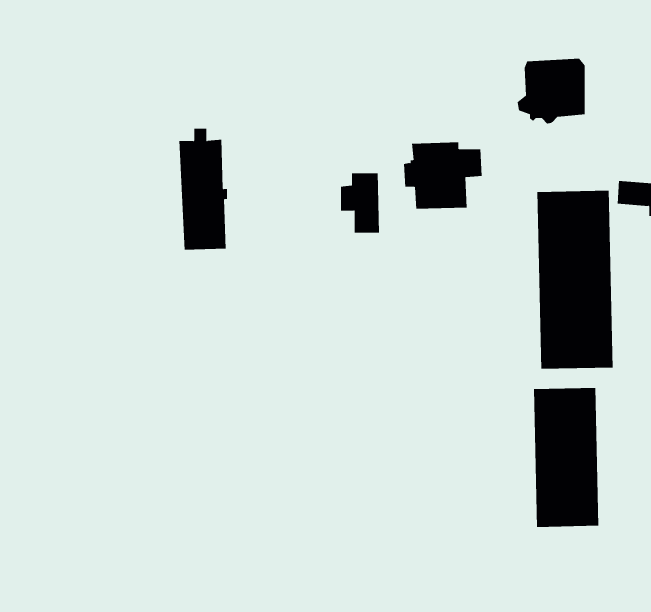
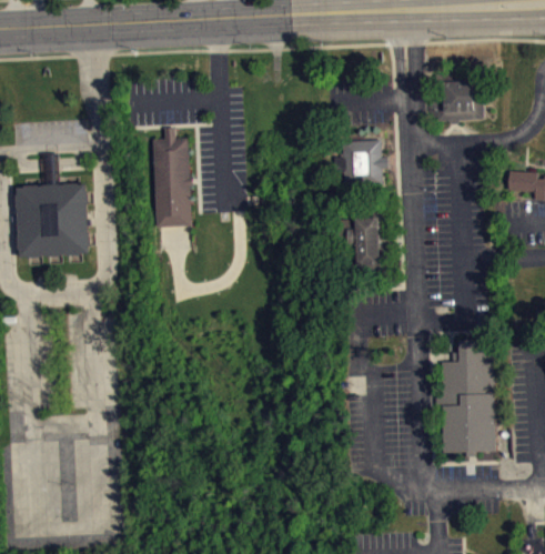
building: none -> [17,154,92,256]
building: [340,173,380,233] -> [347,219,380,268]
building: [537,190,613,370] -> none

